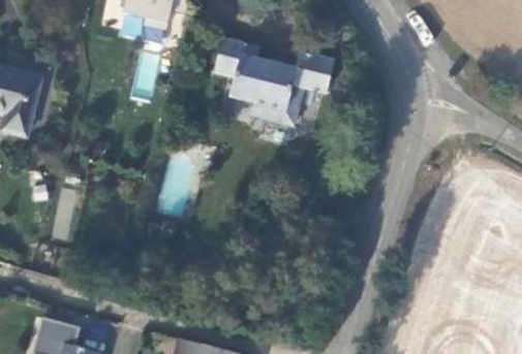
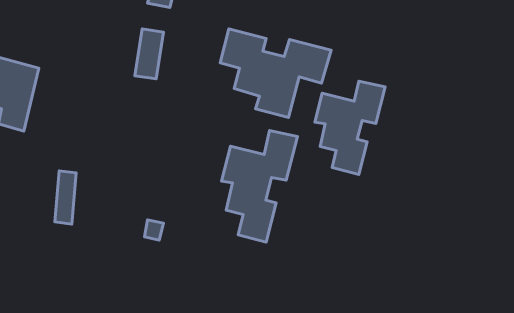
building: none -> [315,81,385,175]
building: none -> [222,130,297,242]

